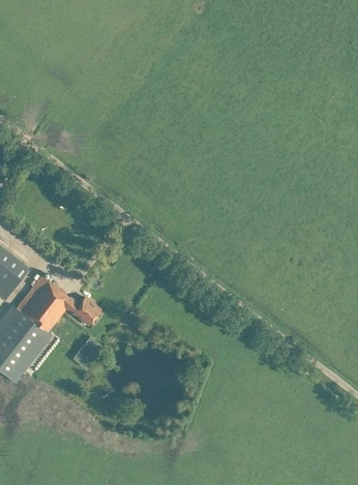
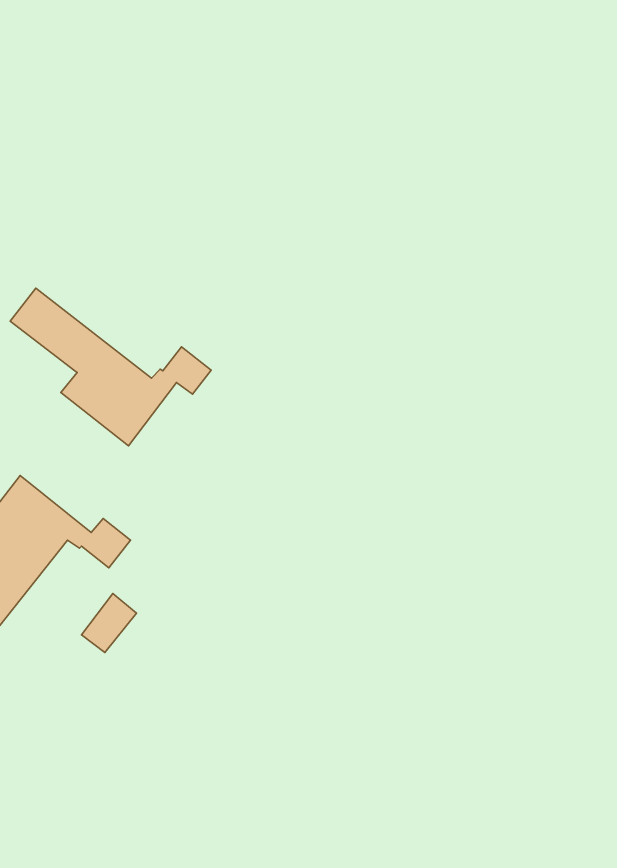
building: none -> [10,288,211,446]

